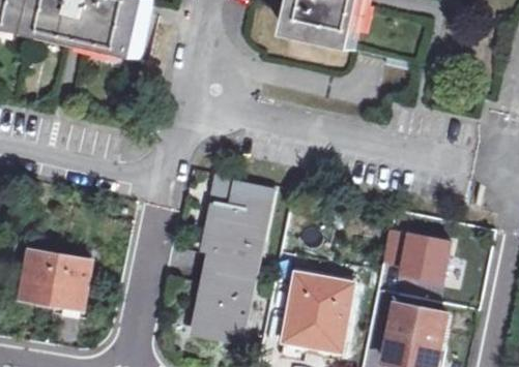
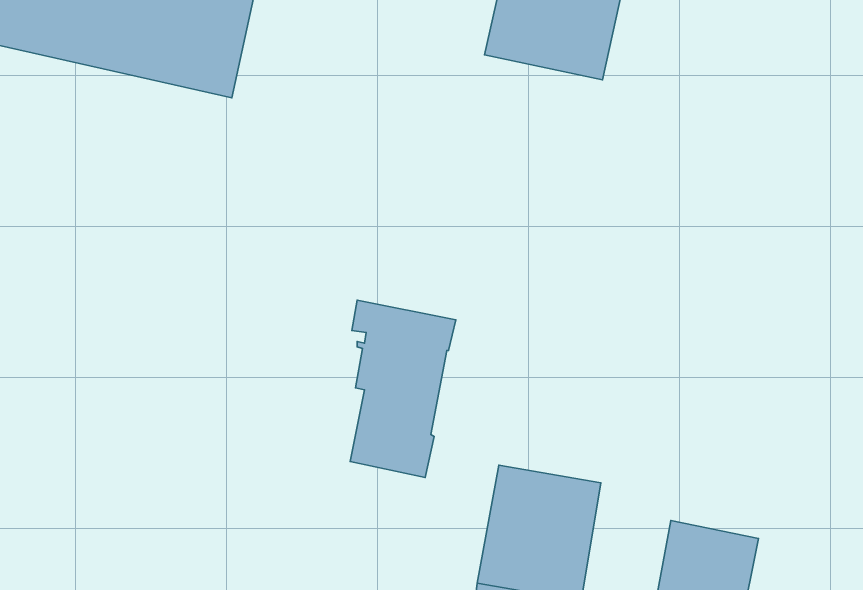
building: [379,230,449,282] -> none
building: [21,252,89,307] -> none
building: [196,271,251,335] -> none

